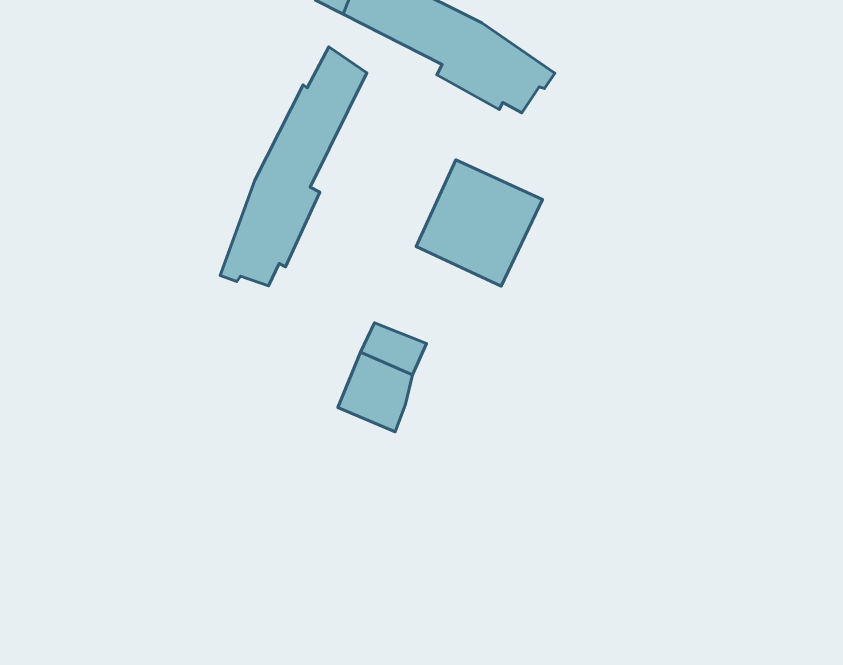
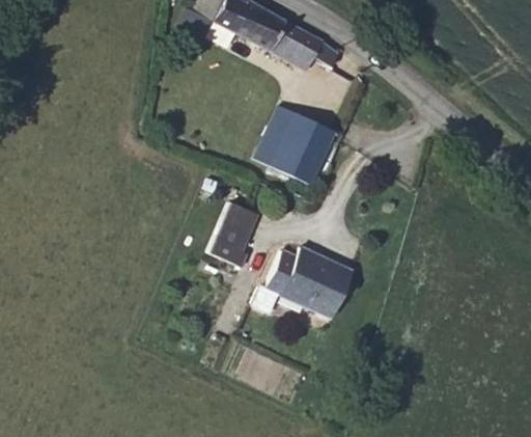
building: [220,47,367,286] -> none
building: none -> [251,247,353,317]

